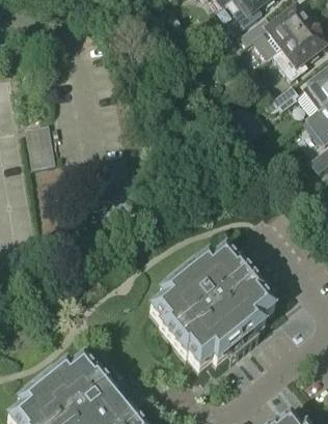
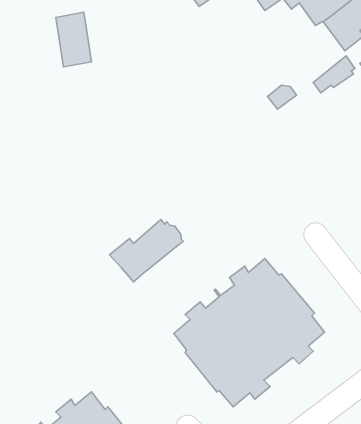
building: [26,122,55,167] -> [56,12,91,67]
building: none -> [110,219,183,282]

